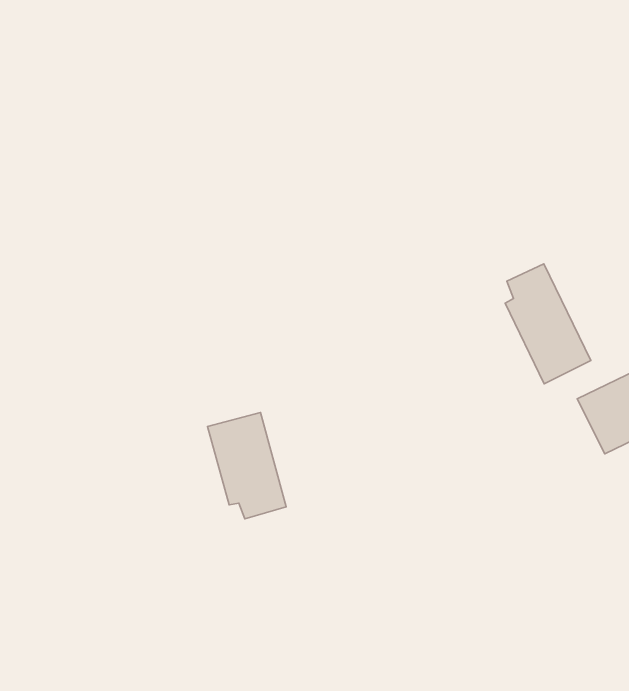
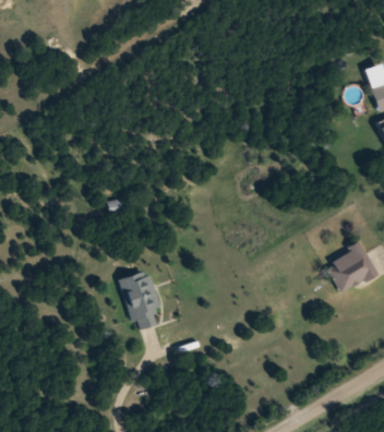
building: [505,264,591,384] -> none

